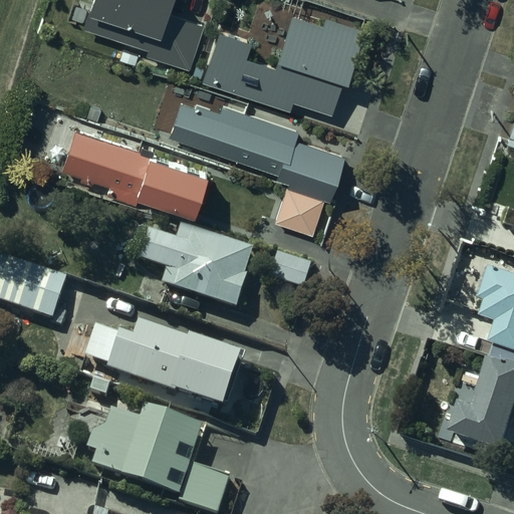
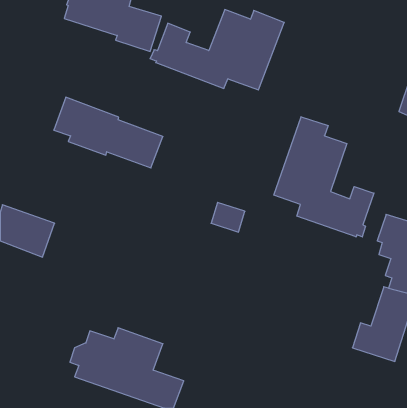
building: [166,101,339,234] -> none
building: none -> [274,117,374,237]
building: [135,227,253,311] -> none
building: [89,320,253,420] -> none

